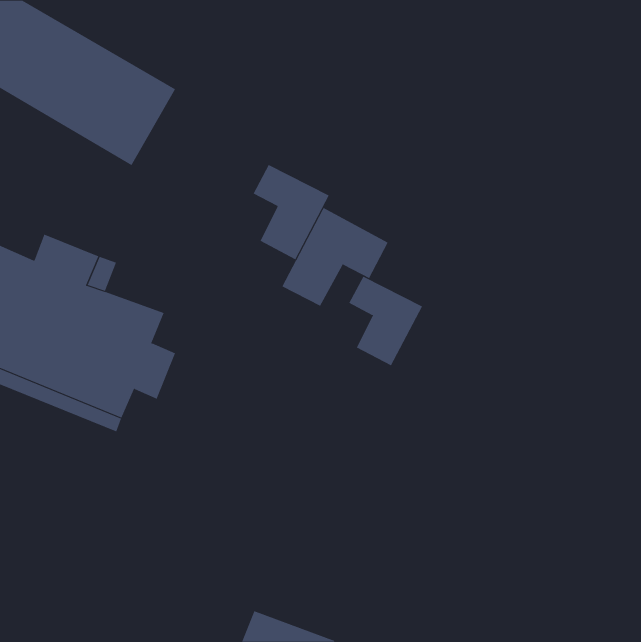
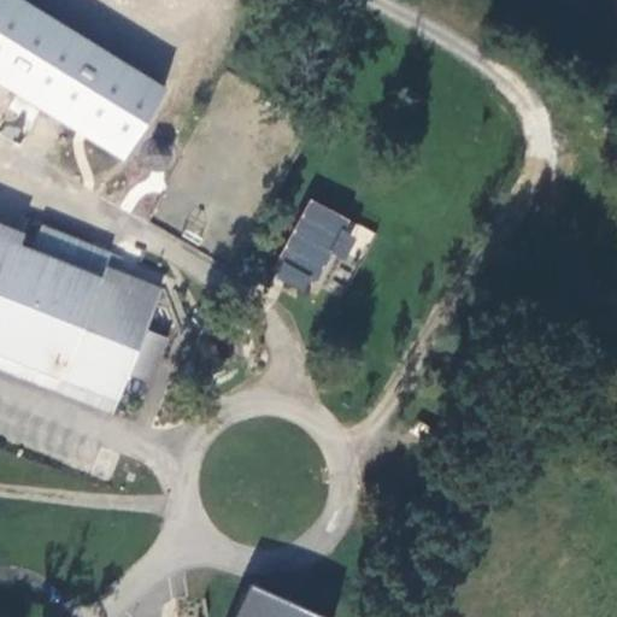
building: [253,164,329,260] -> none
building: [349,276,423,366] -> none

